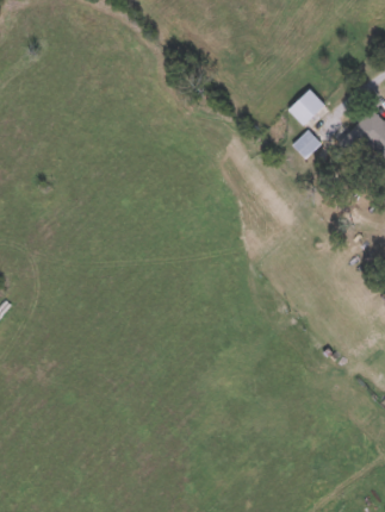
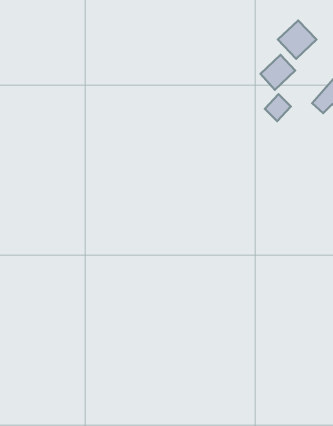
building: none -> [278,20,317,59]

